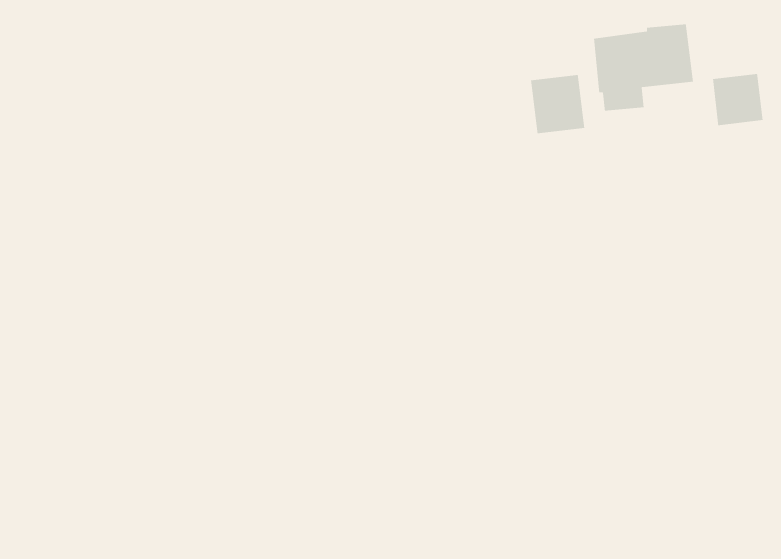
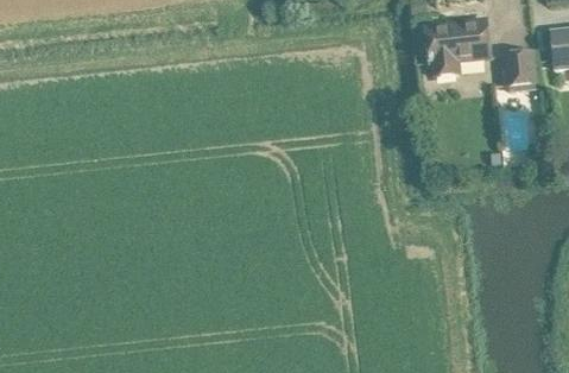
building: [530,74,585,134] -> none

